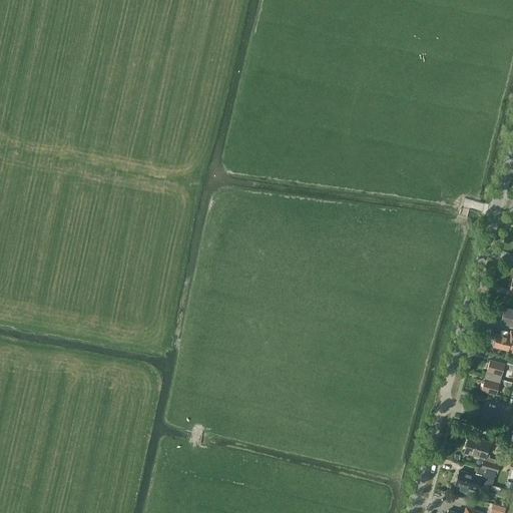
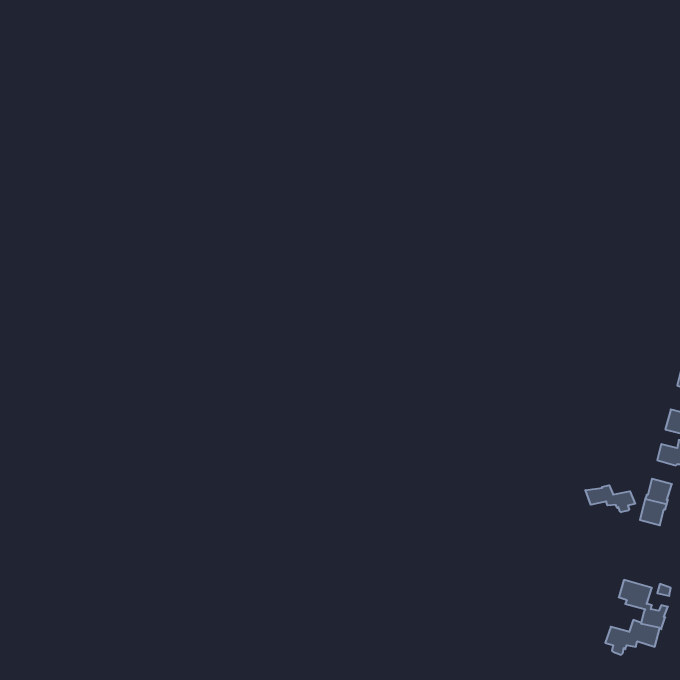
building: none -> [585,485,635,512]

